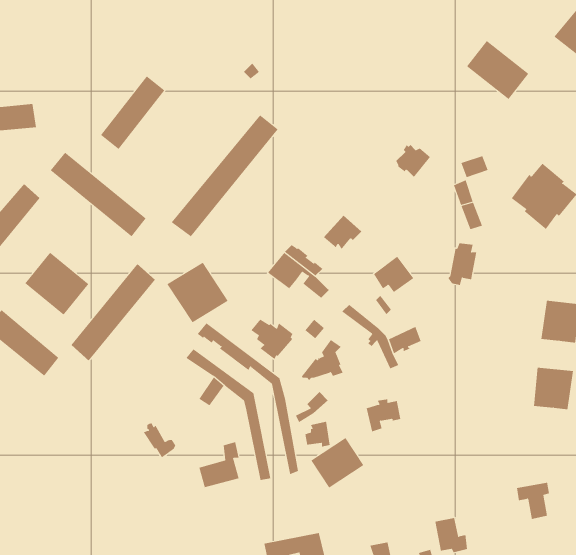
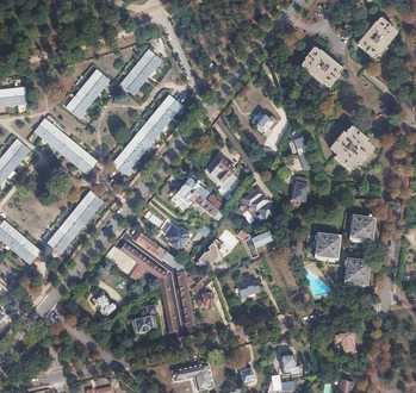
building: none -> [120,49,162,94]
building: [25,252,89,315] -> none
building: [166,262,229,323] -> none
building: none -> [315,231,342,258]
building: [310,437,364,488] -> none

